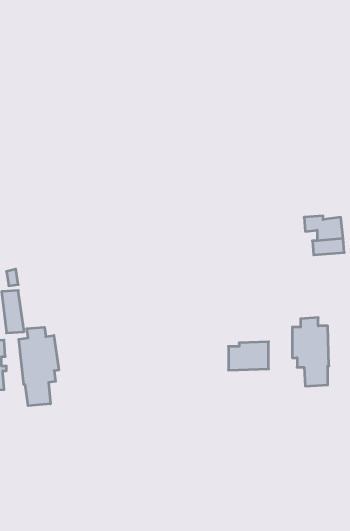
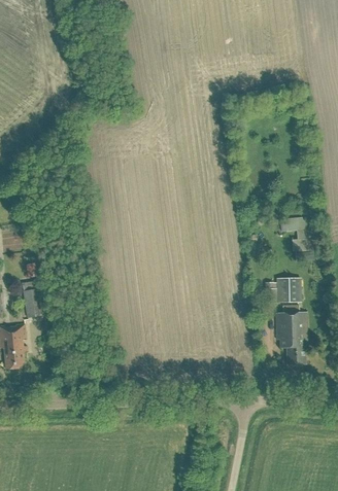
building: [19,327,59,406] -> none
building: [228,342,269,370] -> [266,278,301,303]

